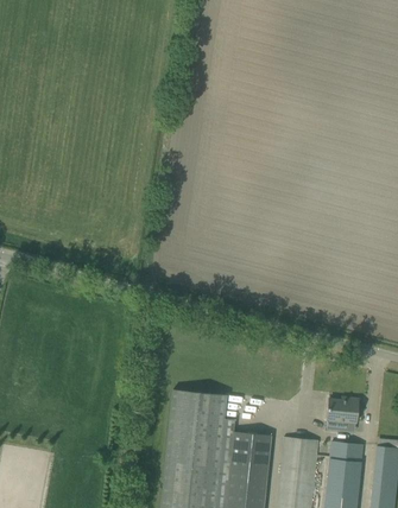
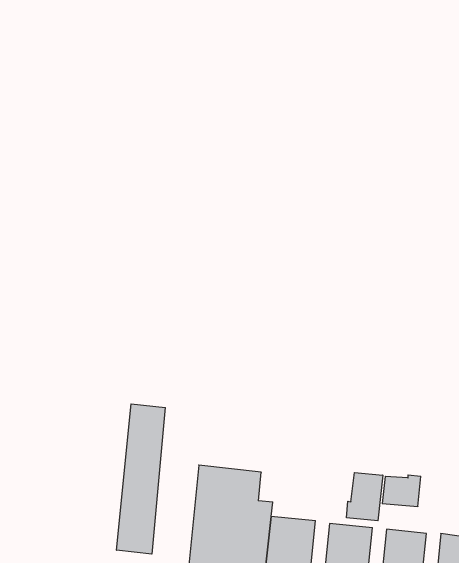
building: none -> [117,404,165,554]
building: none -> [347,473,383,521]

